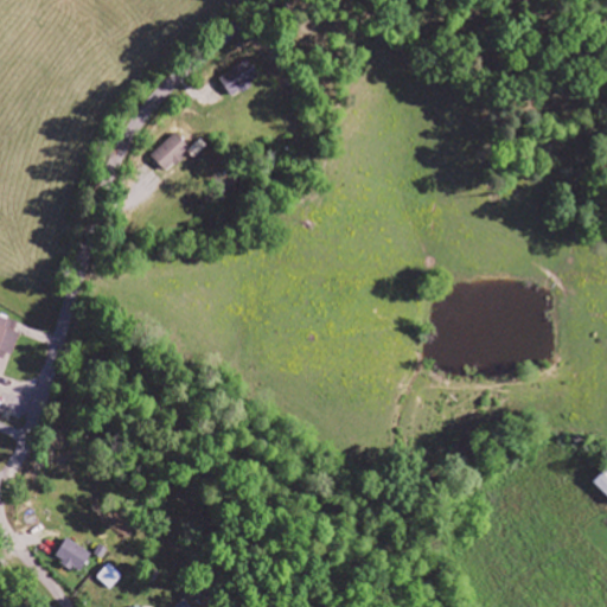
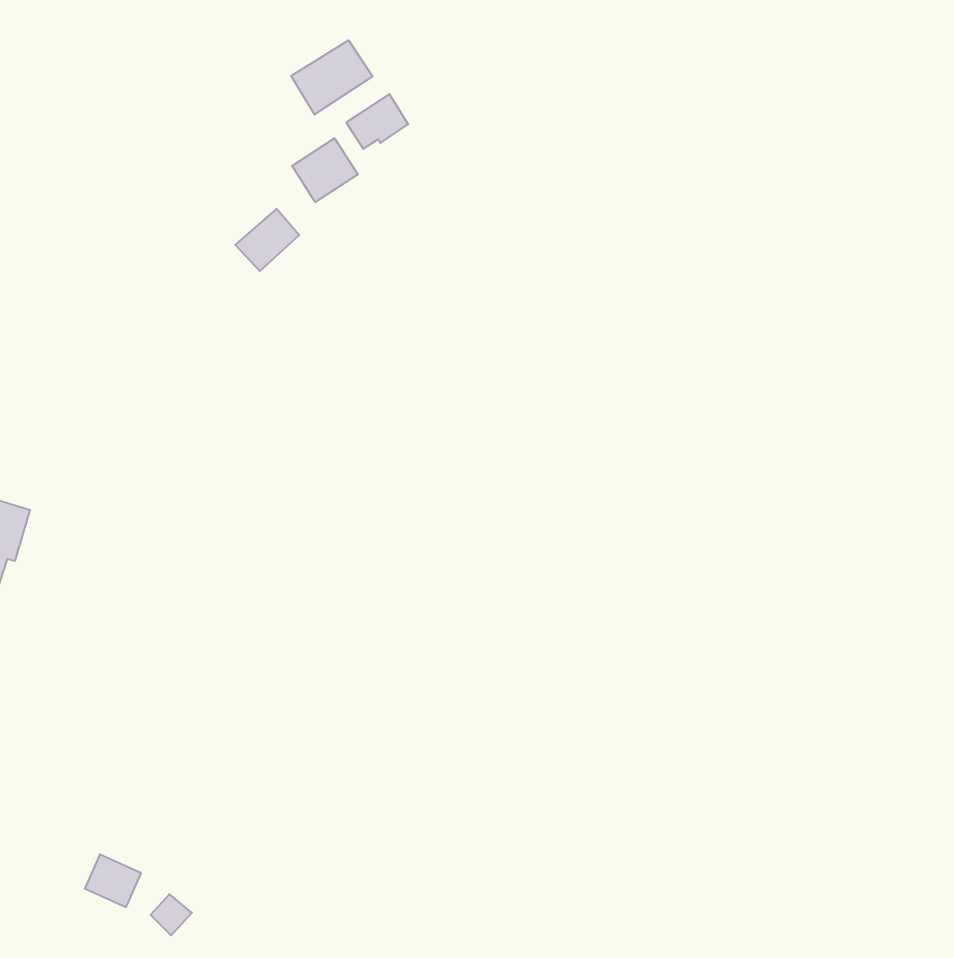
building: none -> [291,40,372,114]
building: none -> [292,138,358,202]

